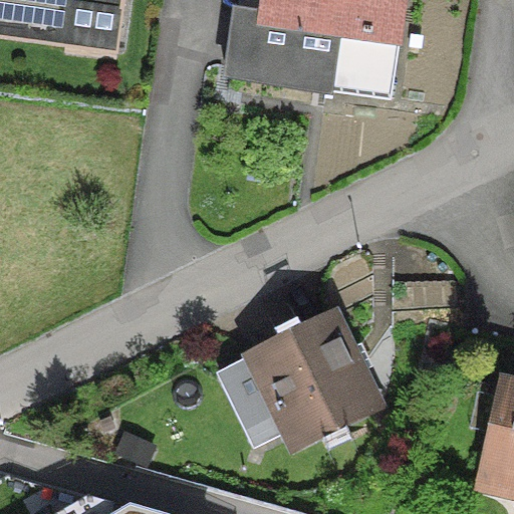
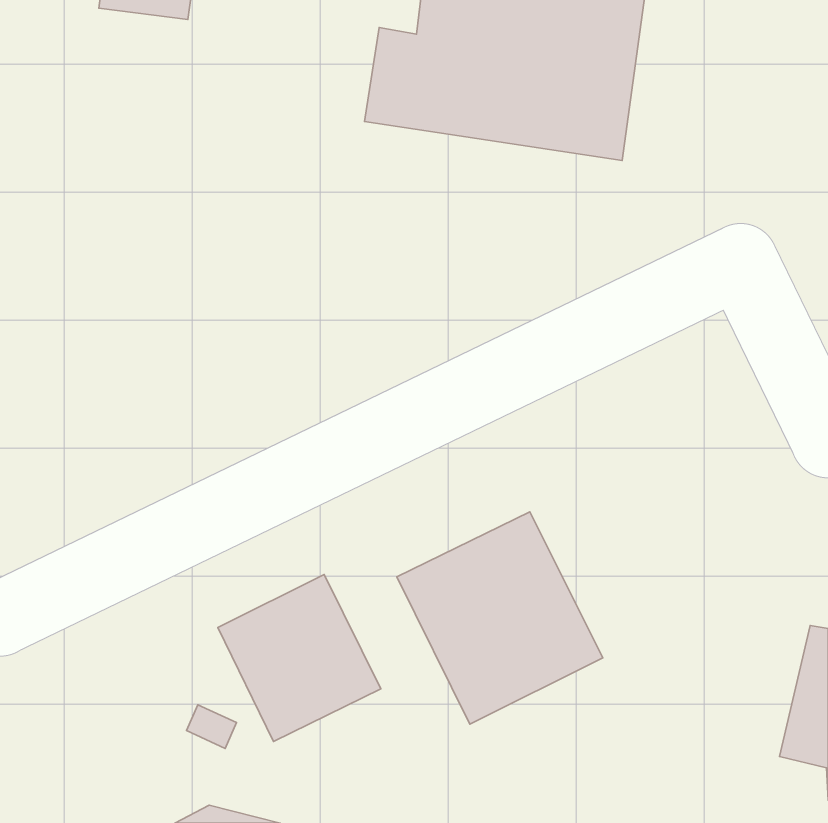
building: none -> [218,574,381,741]

